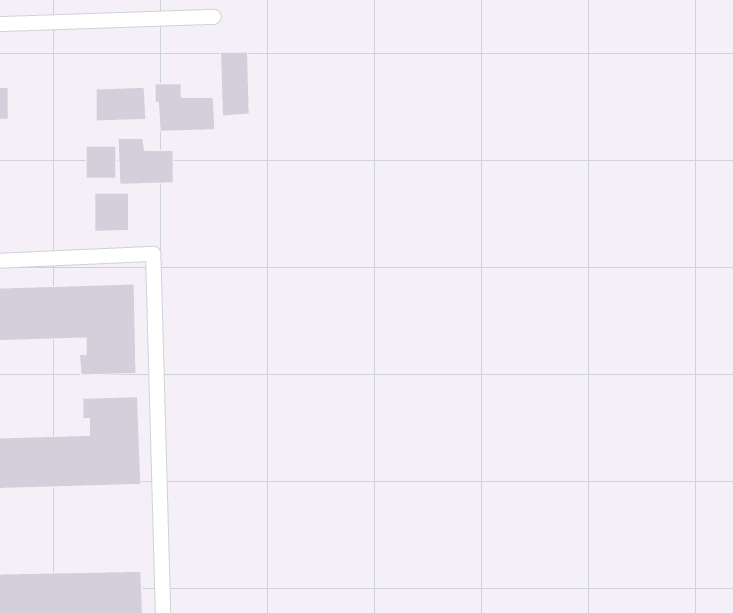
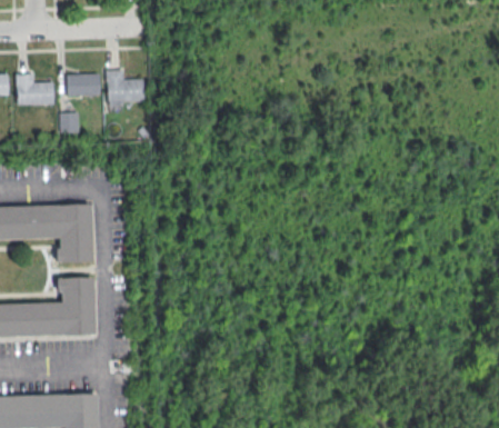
building: [221,52,249,116] -> none
building: [118,139,173,184] -> [16,74,52,104]
building: [95,193,129,231] -> none

